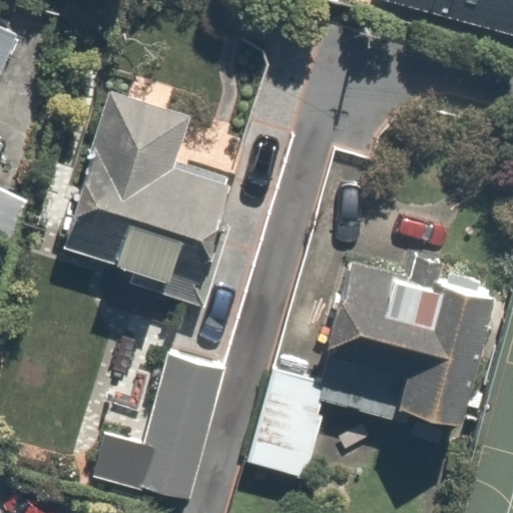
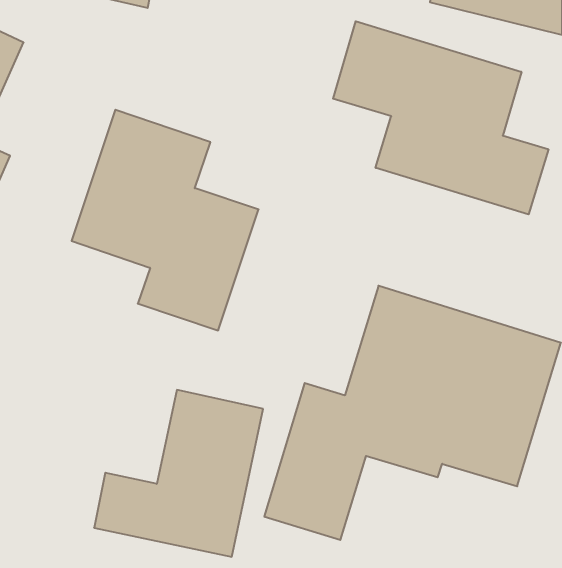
building: none -> [333,21,548,214]

